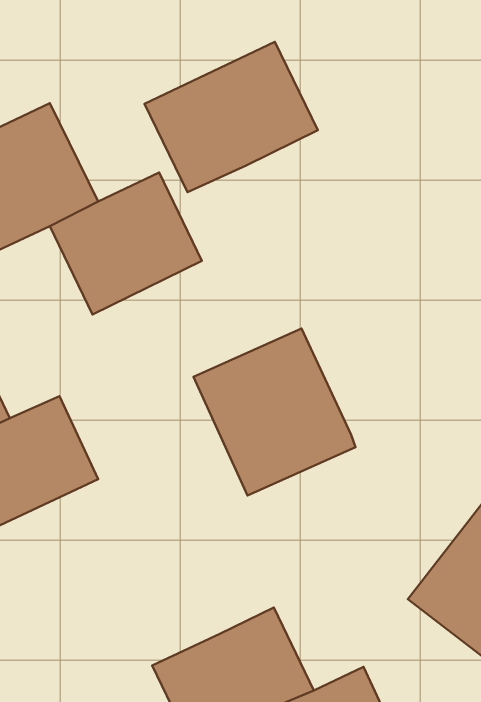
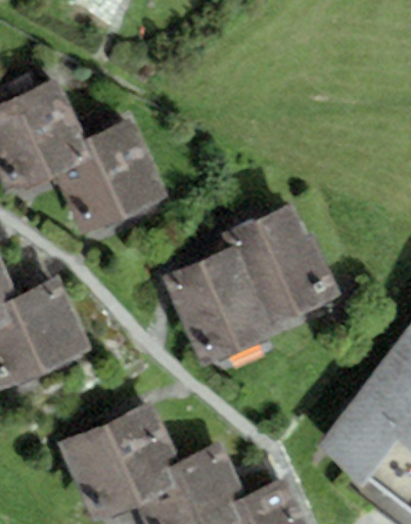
building: [145,42,318,192] -> none
building: none -> [235,200,341,322]
building: none -> [59,404,181,514]

